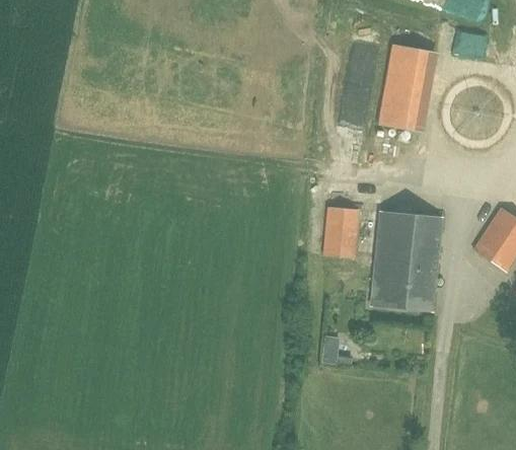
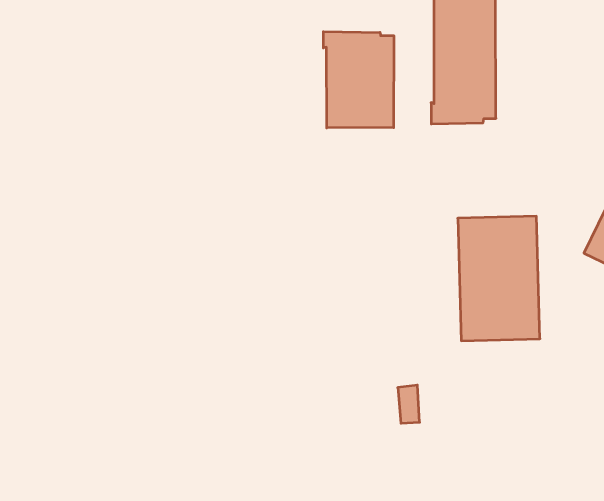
building: none -> [323,32,394,128]
building: [324,208,360,258] -> none

